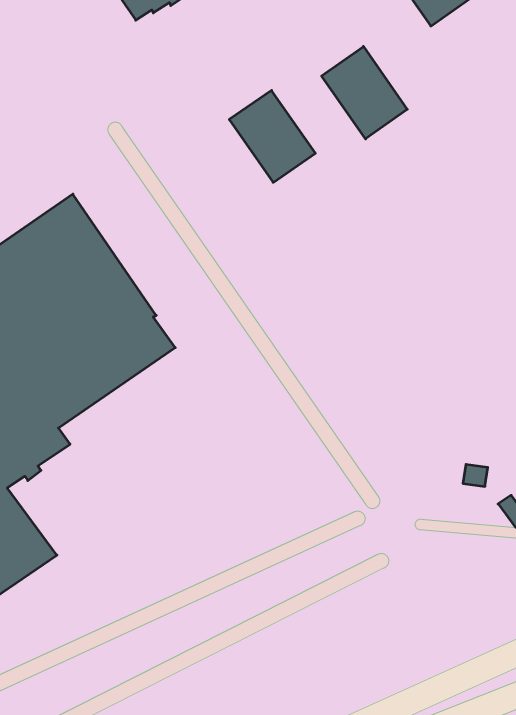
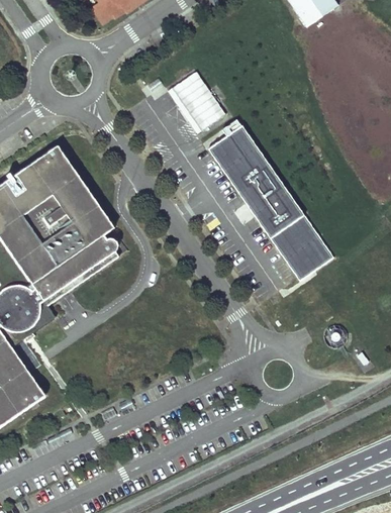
building: [322,46,407,139] -> none
building: none -> [201,118,334,283]

